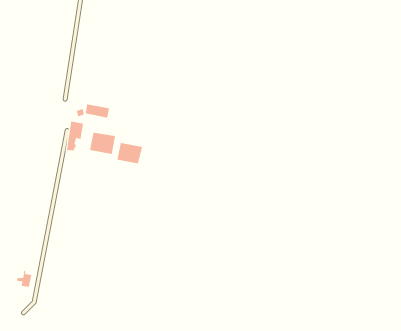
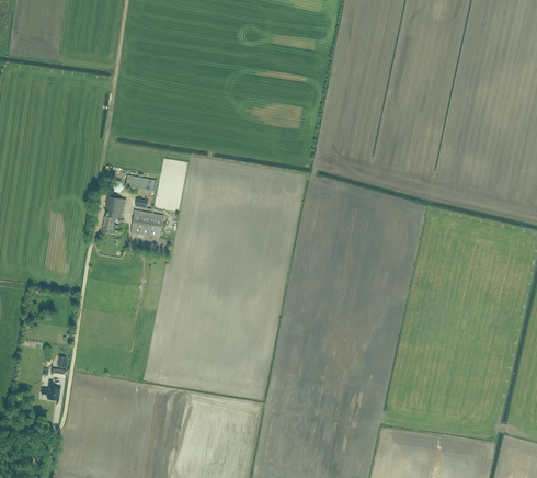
building: [117,142,143,164] -> none

